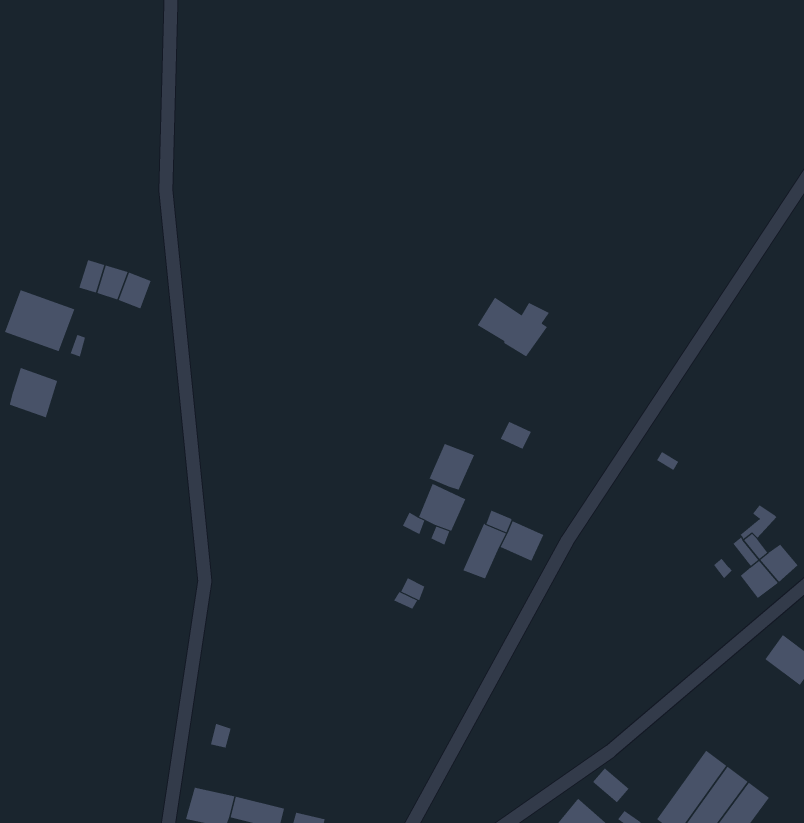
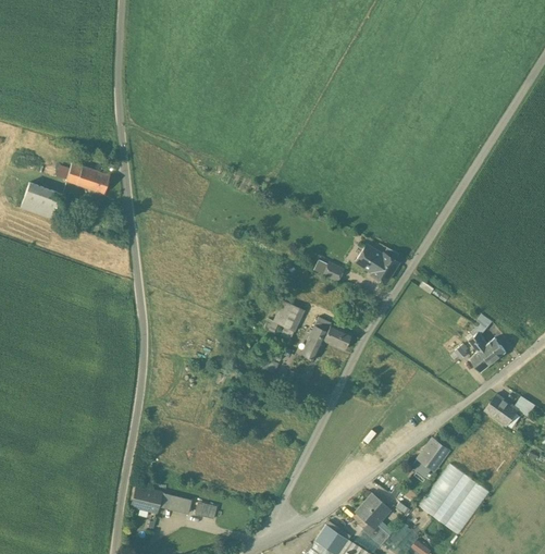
building: [477,297,550,357] -> [355,244,399,281]
building: [9,367,58,418] -> none
building: [429,443,475,490] -> none
building: none -> [418,439,447,469]

